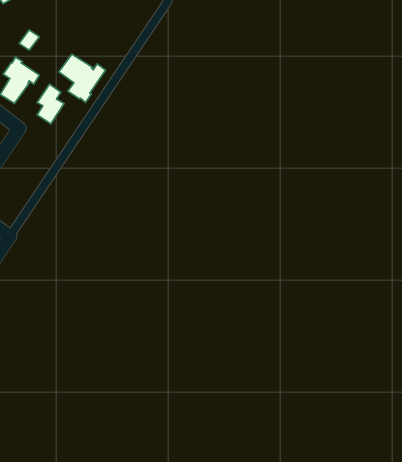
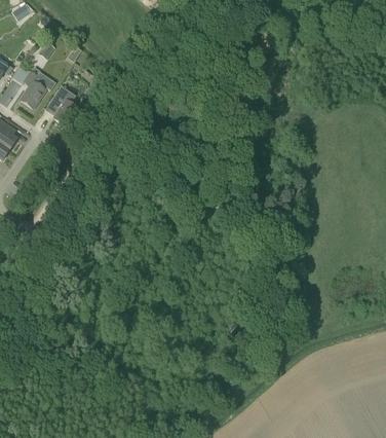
building: [59,54,106,102] -> none

